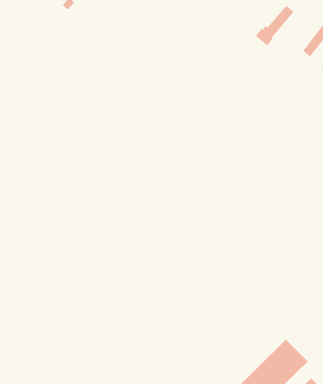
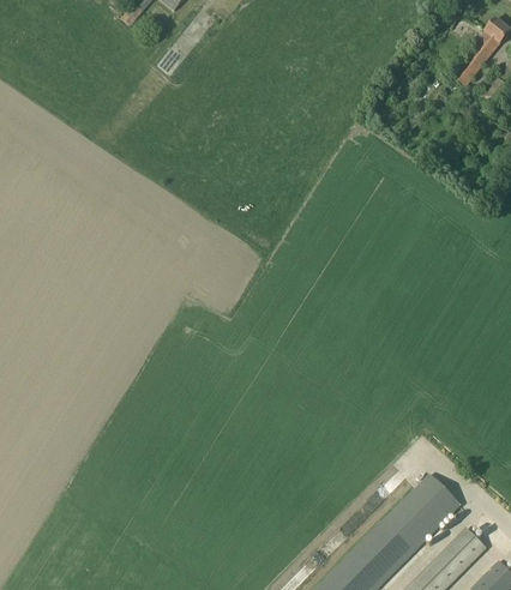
building: [255,5,295,46] -> none

